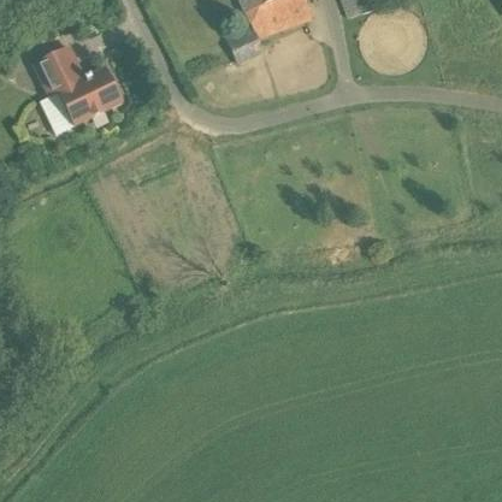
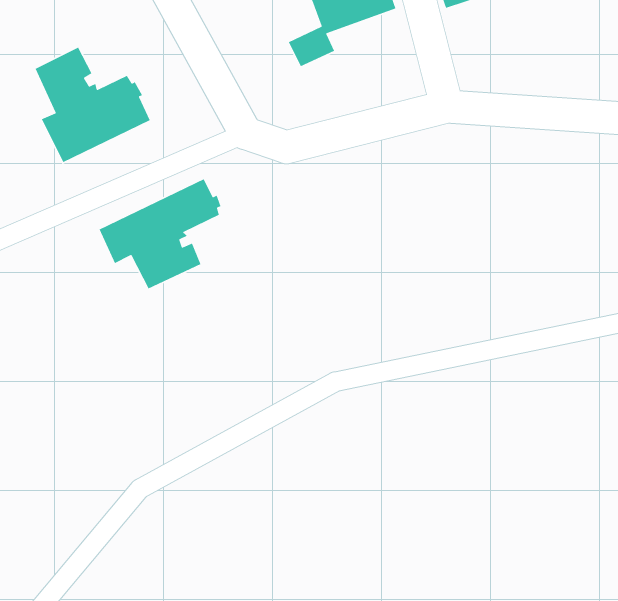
building: none -> [98,178,222,290]

